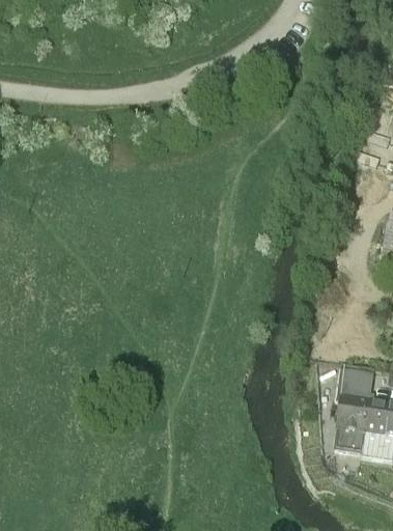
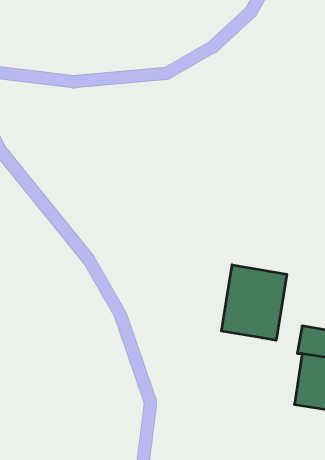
building: none -> [221,265,287,340]

